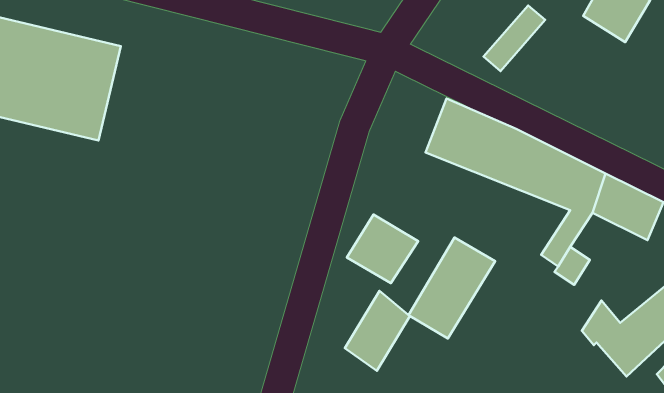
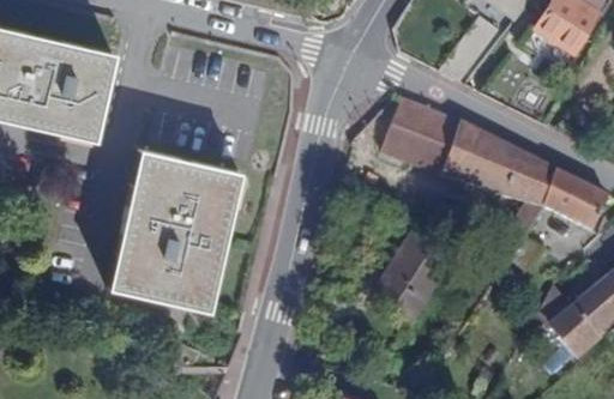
building: none -> [109,151,241,312]
building: [347,214,418,283] -> none
building: [345,291,410,371] -> none

